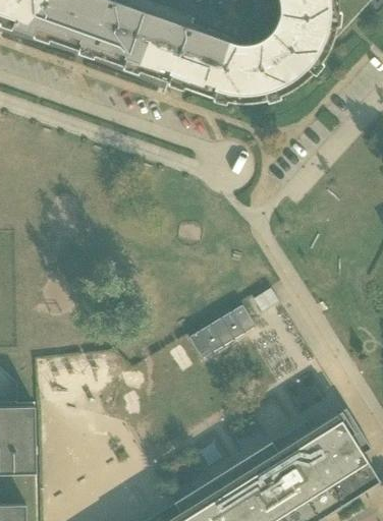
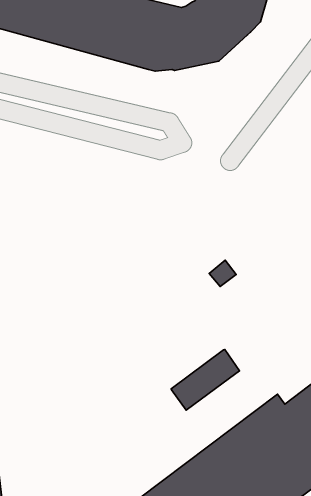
building: [188,305,255,359] -> [171,350,240,410]

